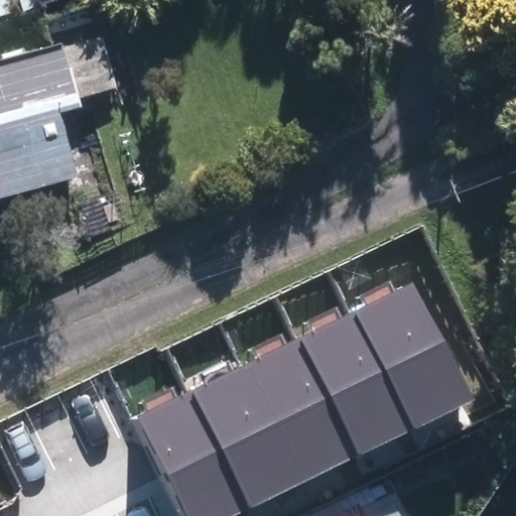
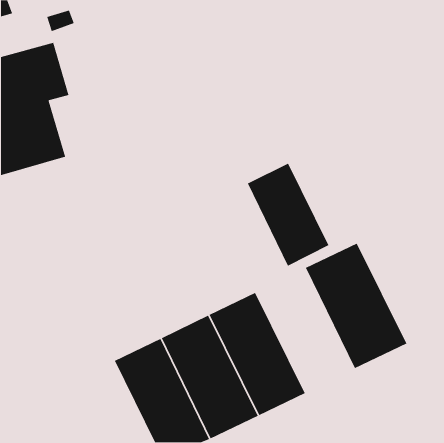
building: none -> [247,162,329,267]
building: [296,310,411,457] -> none

